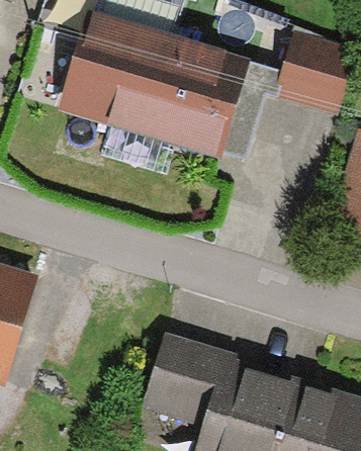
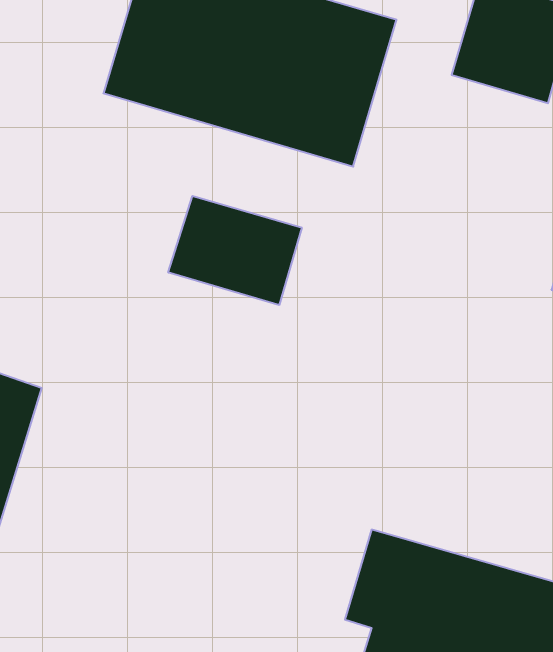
building: none -> [168,196,302,305]
building: [148,335,231,422] -> none

